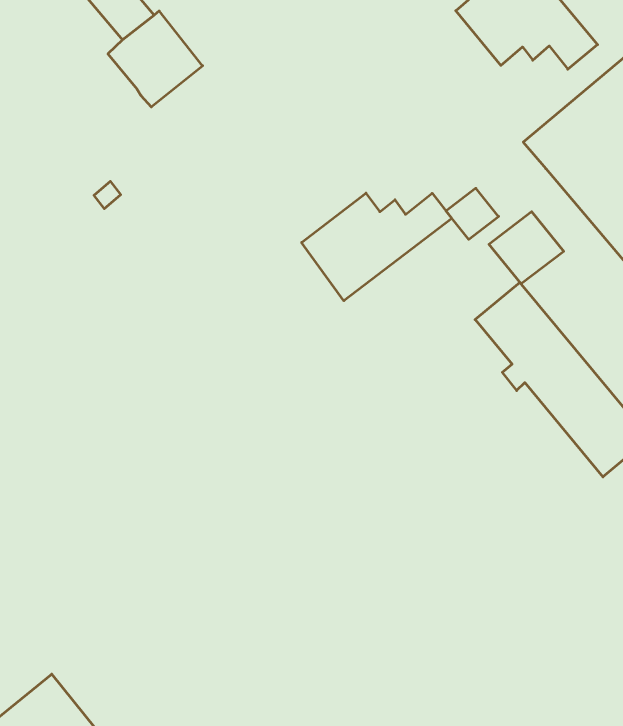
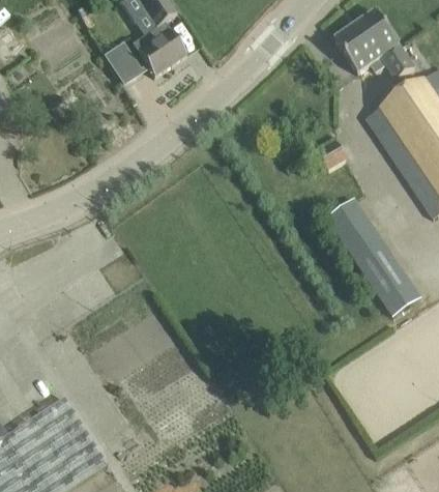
building: none -> [101,40,147,85]
building: [302,193,452,301] -> none
building: [489,212,564,284] -> none

